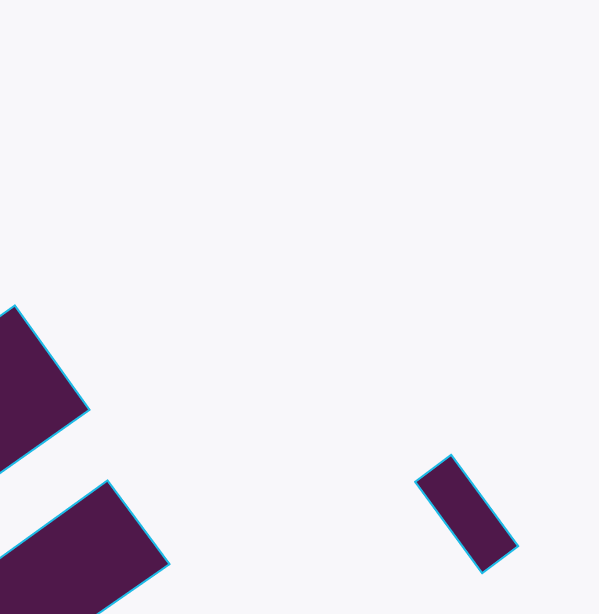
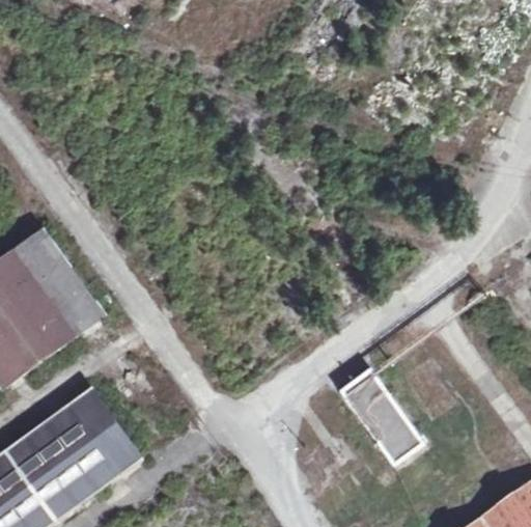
building: none -> [13,231,101,334]

